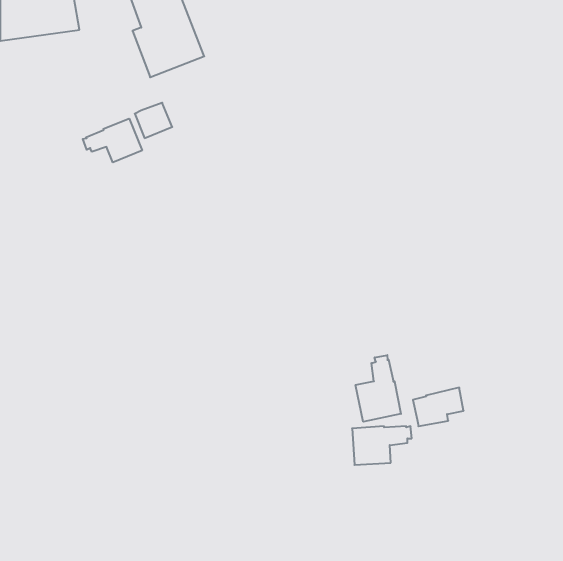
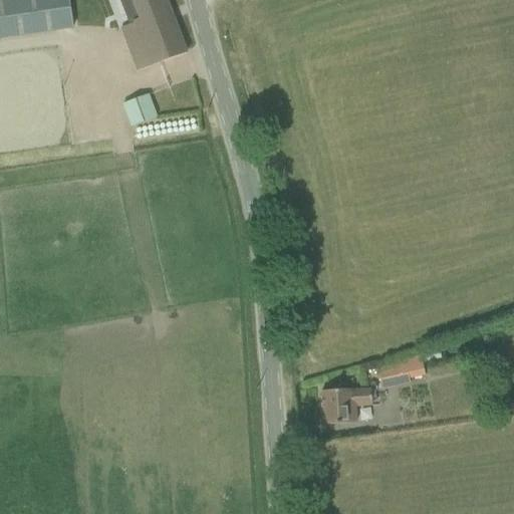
building: [83,119,142,162] -> none
building: [356,355,401,422] -> none

